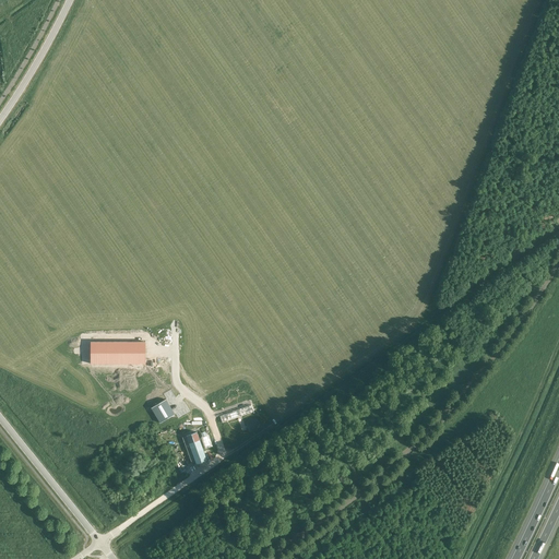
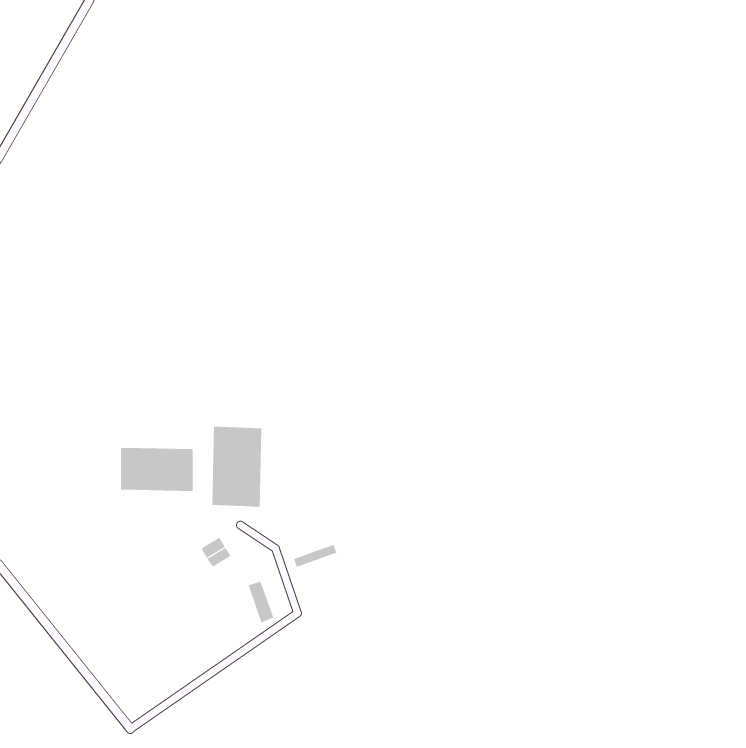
building: none -> [212,426,262,508]

